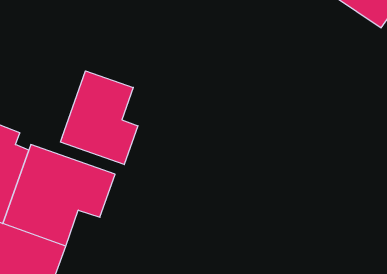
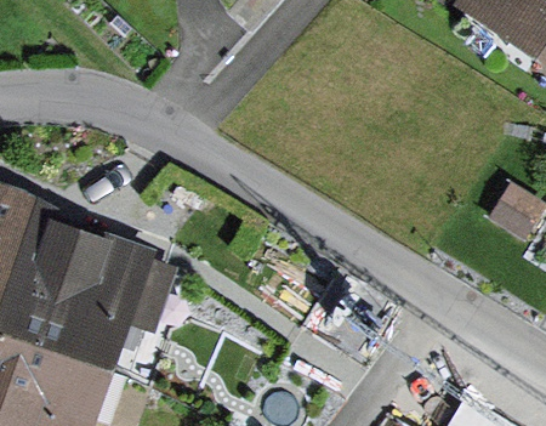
building: [61,71,138,165] -> none

